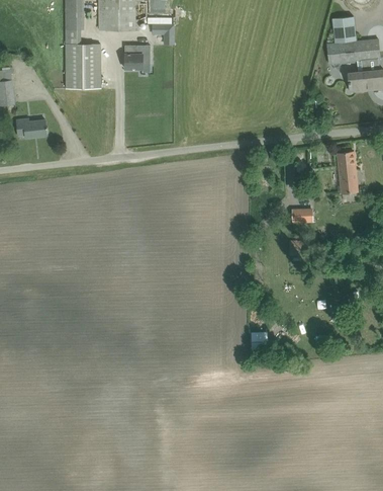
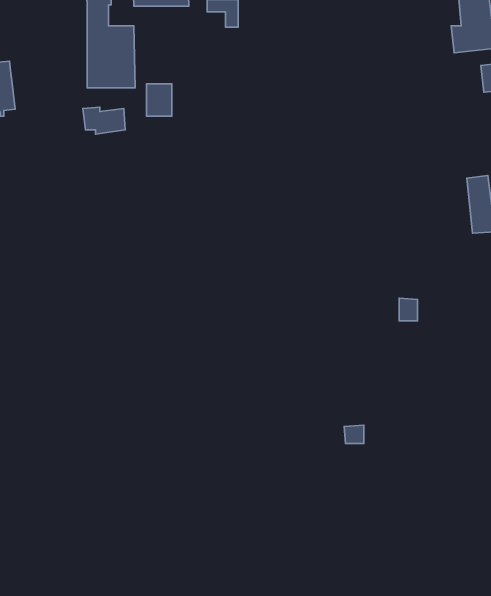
building: [124,45,142,68] -> [146,84,172,116]
building: [16,118,46,138] -> [83,107,125,134]
building: [291,210,314,228] -> none

